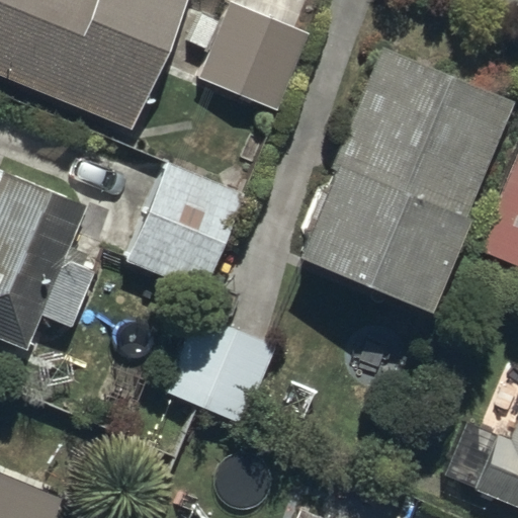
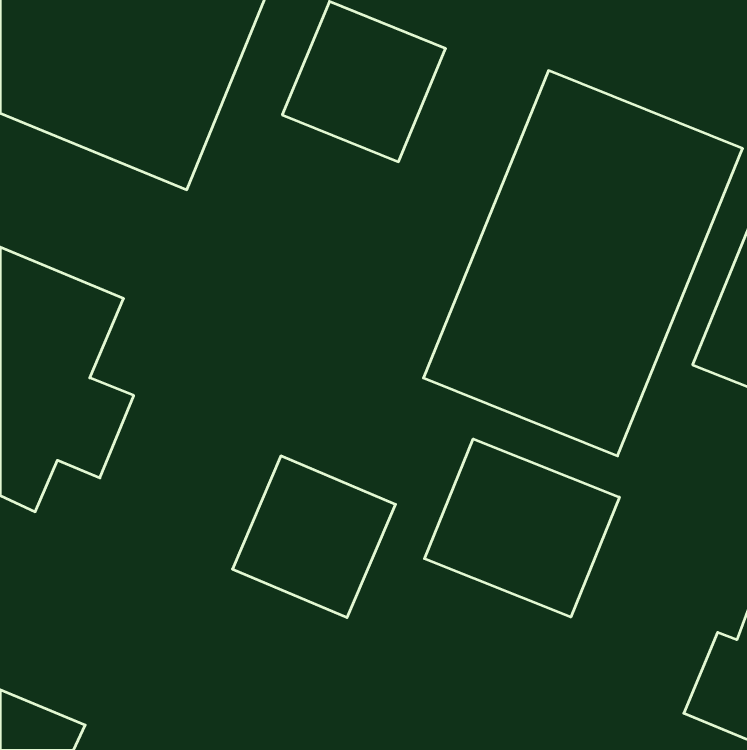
building: [124,162,244,294] -> none
building: none -> [424,439,619,617]

